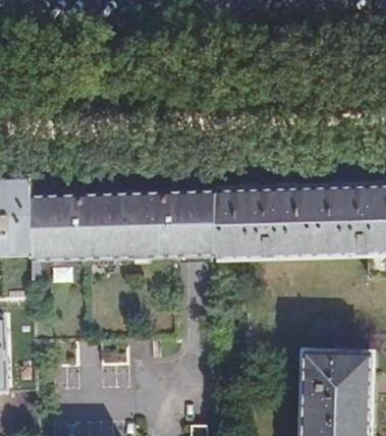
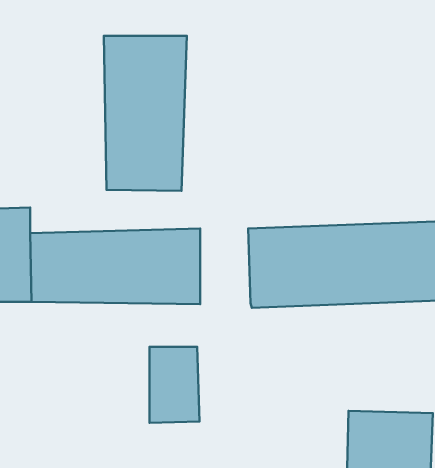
building: none -> [104,36,187,191]
building: [176,193,218,256] -> [149,347,200,423]

